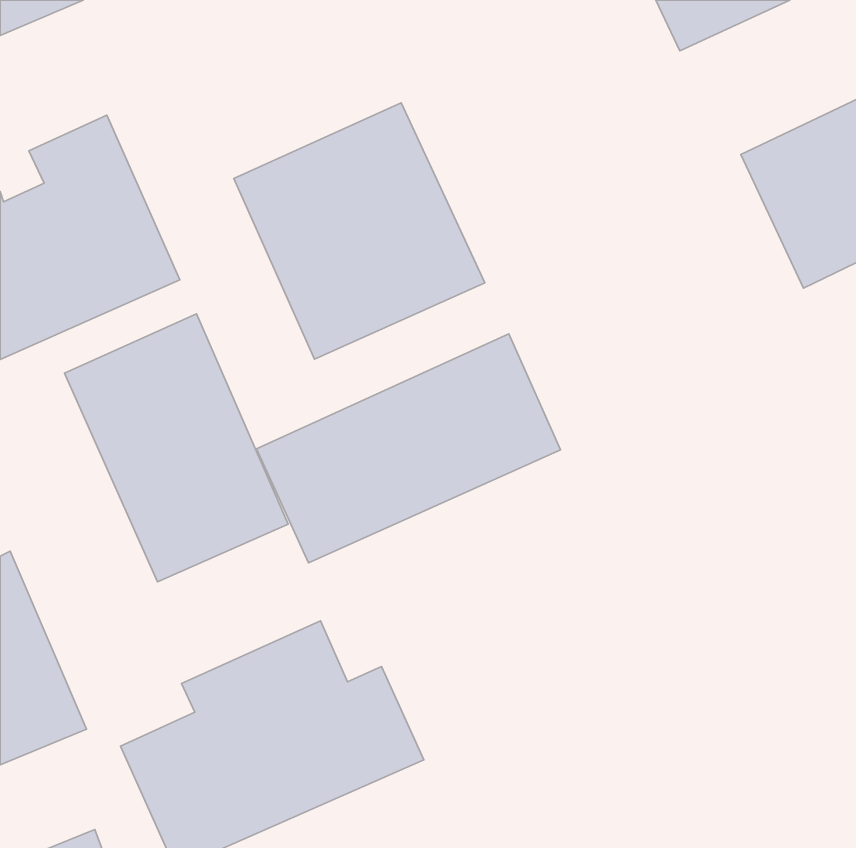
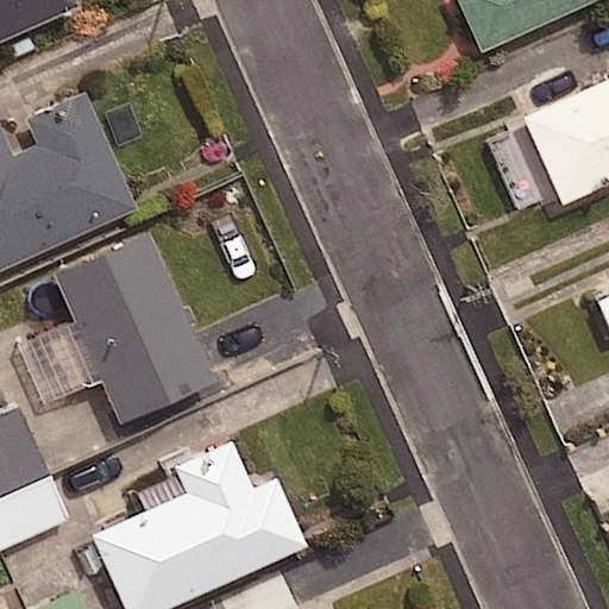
building: [234,103,485,359] -> none
building: [257,334,561,563] -> none

